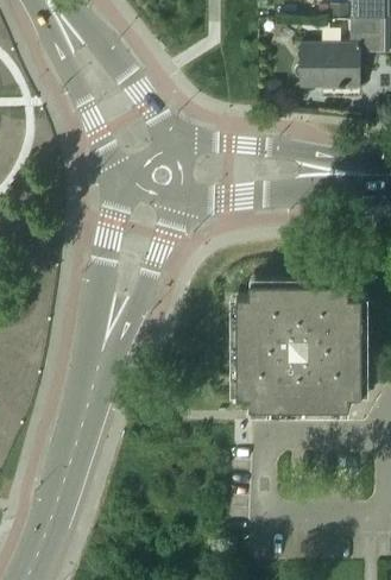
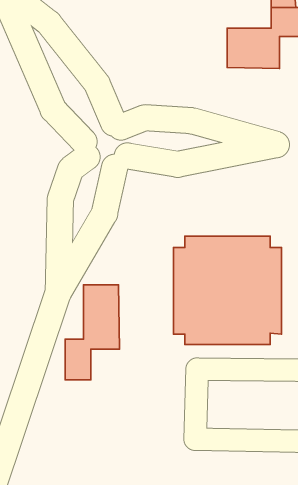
building: none -> [65,285,119,380]

